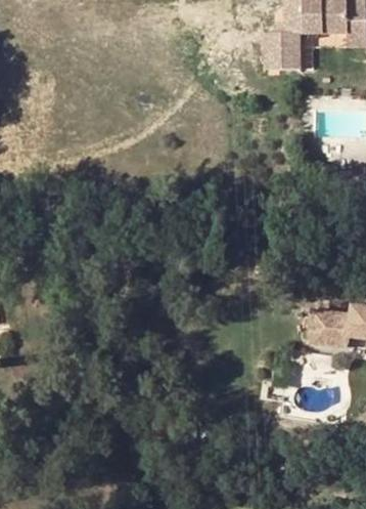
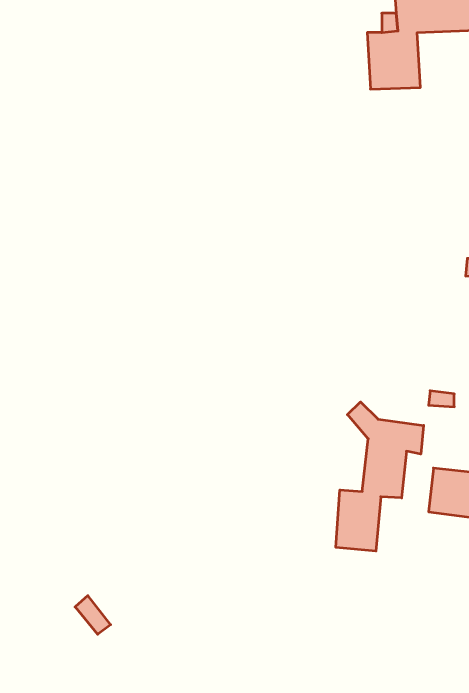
building: none -> [336,402,424,551]

